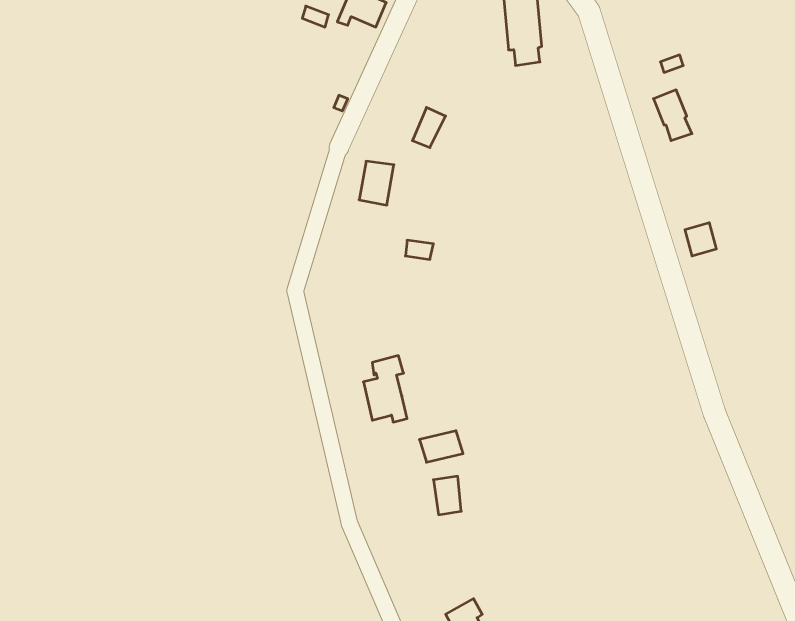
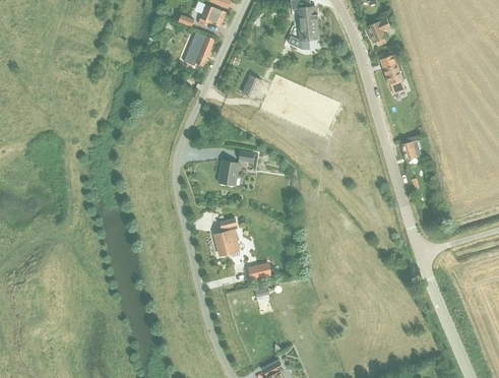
building: none -> [365,18,389,46]
building: none -> [184,32,215,67]
building: [359,161,394,205] -> [217,161,238,186]

